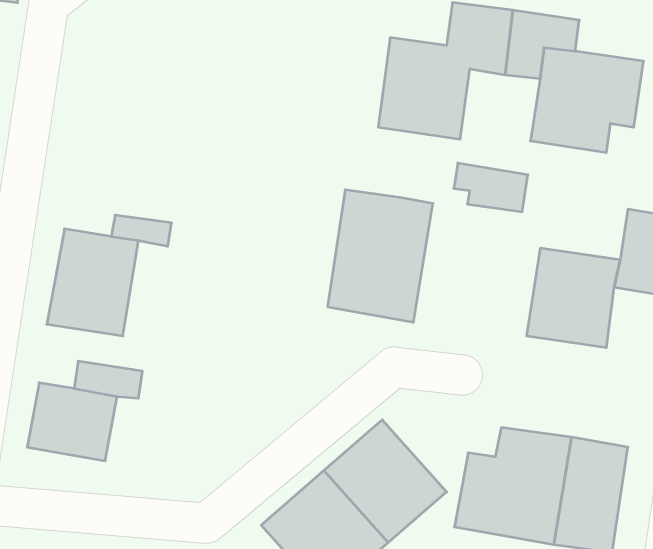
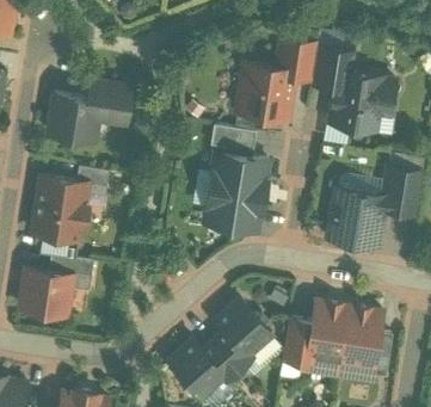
building: none -> [50,81,136,144]
building: [454,163,528,212] -> [207,129,252,159]

